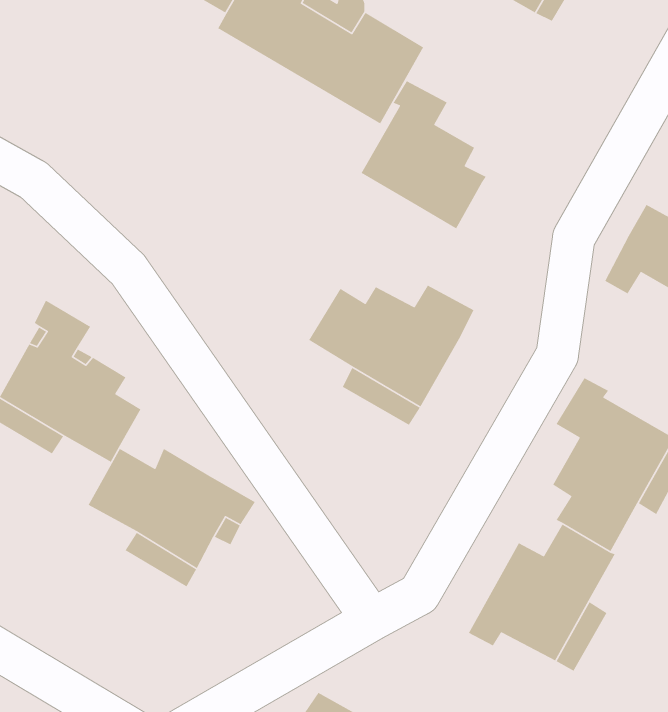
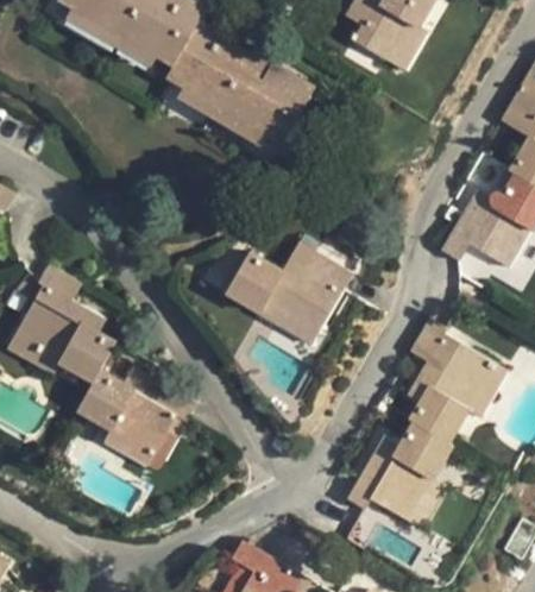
building: [360,80,487,230] -> none

